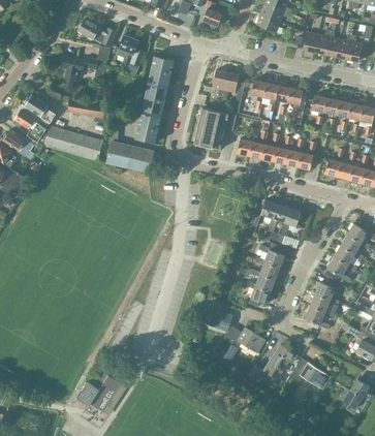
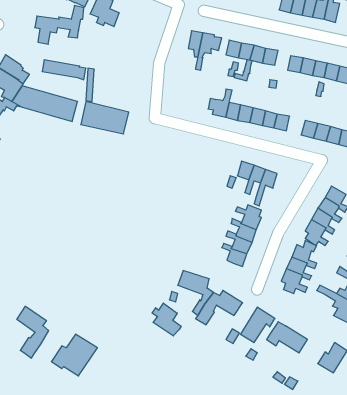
building: [134,56,174,143] -> none
building: [193,107,224,149] -> none
building: none -> [152,303,181,336]
building: none -> [17,306,49,358]

